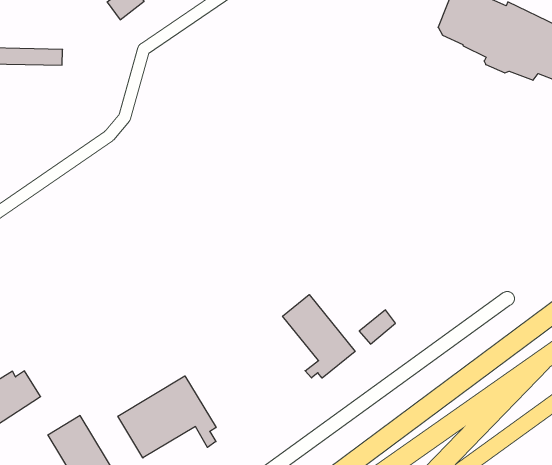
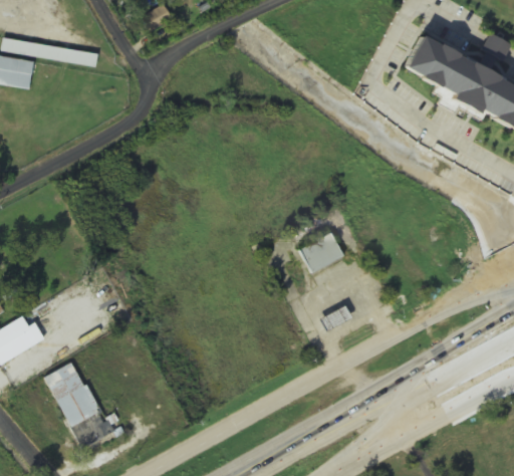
building: none -> [298,232,341,271]
building: [283,295,355,378] -> none
building: [118,376,216,458] -> none

